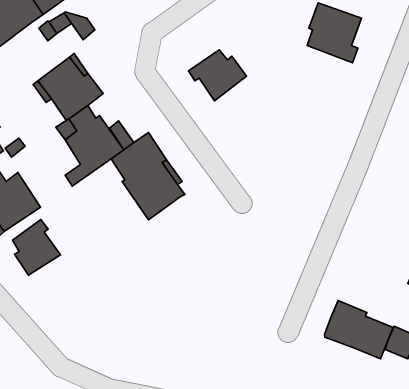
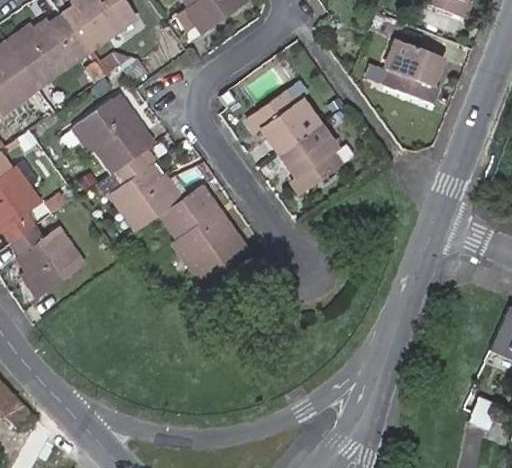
building: none -> [276,122,333,190]
building: [12,219,60,275] -> none
building: [325,300,393,359] -> none

